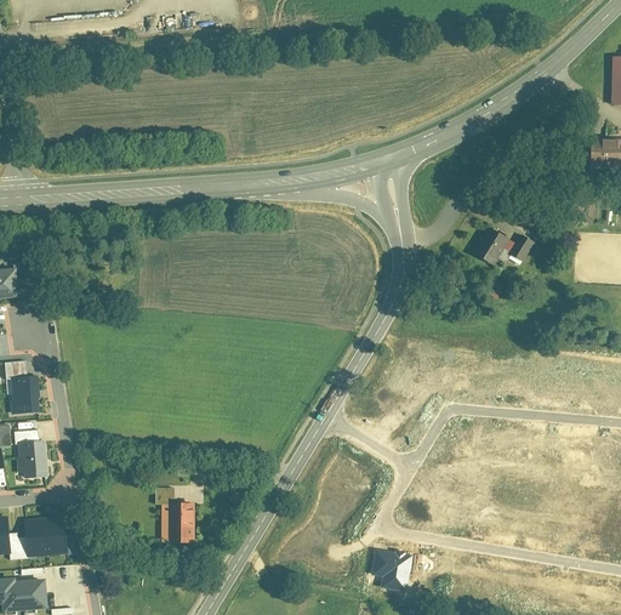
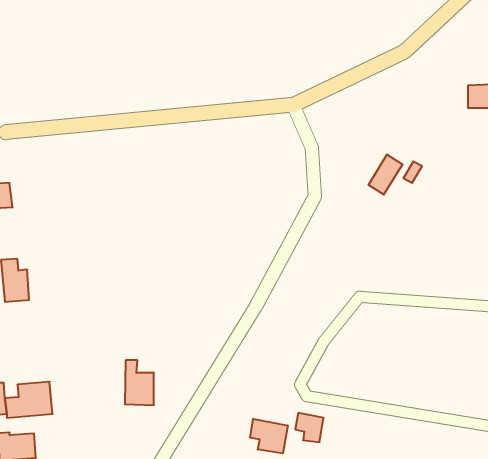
building: [15,429,49,478] -> none
building: none -> [250,419,288,453]

